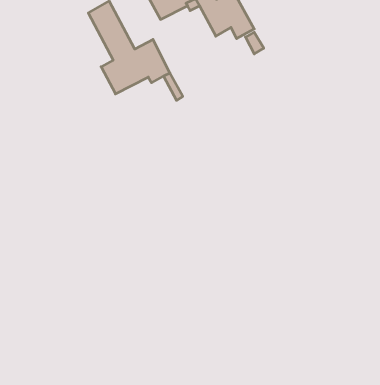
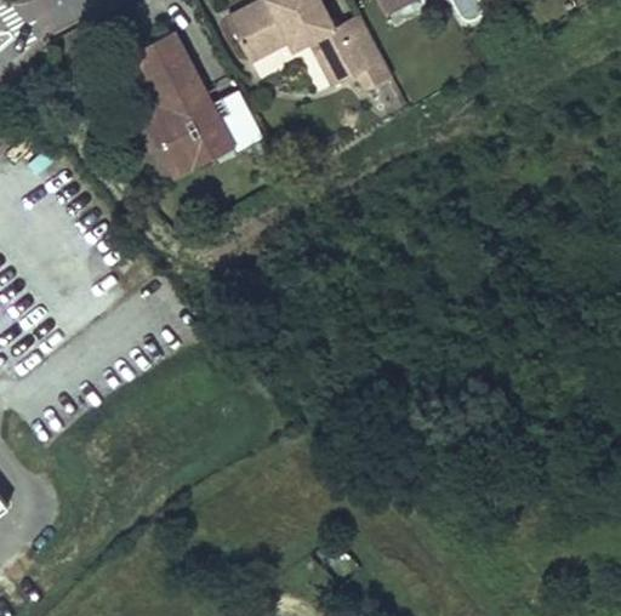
building: none -> [132,49,181,175]

